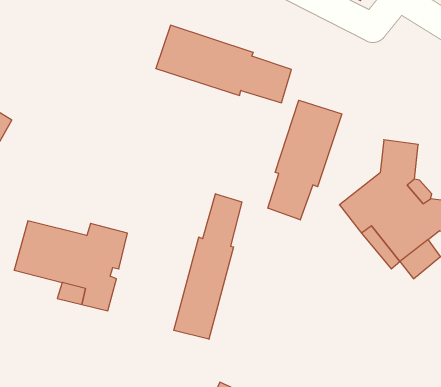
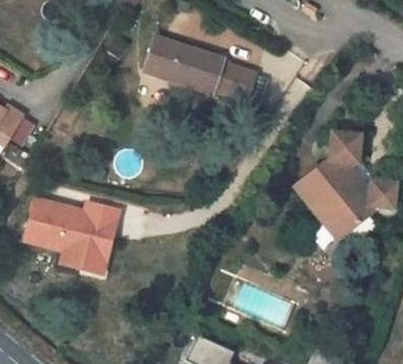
building: [268,100,342,220] -> none
building: [174,194,242,339] -> none

